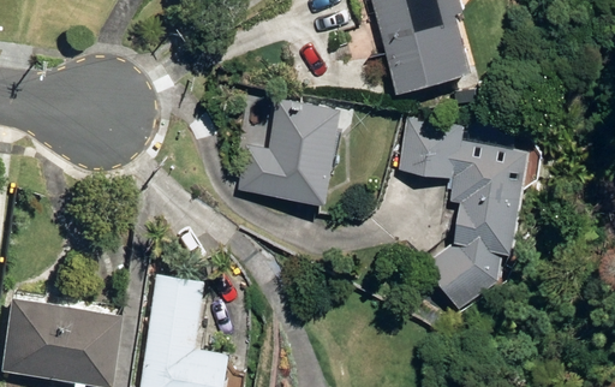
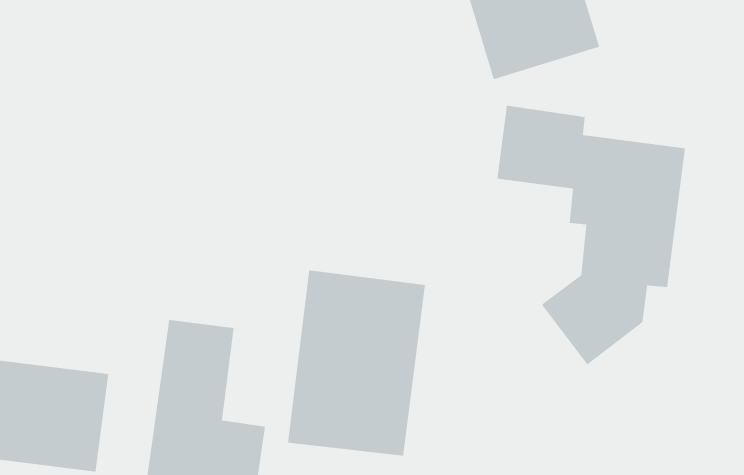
building: [238,96,346,202] -> none
building: none -> [287,270,426,457]

